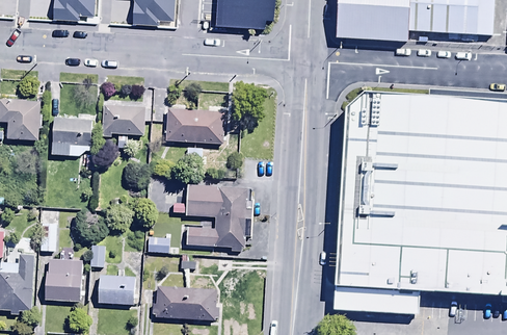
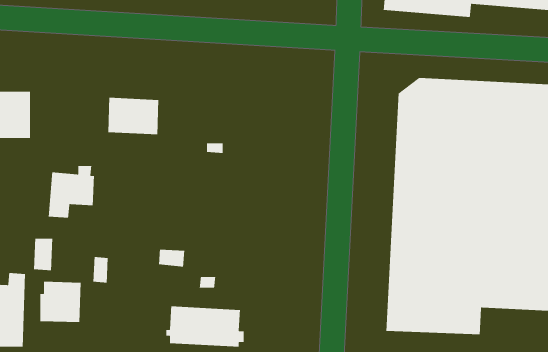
building: [163,106,222,141] -> none
building: [51,114,90,159] -> [48,165,95,218]
building: [171,183,250,251] -> none
building: [98,272,134,302] -> none

